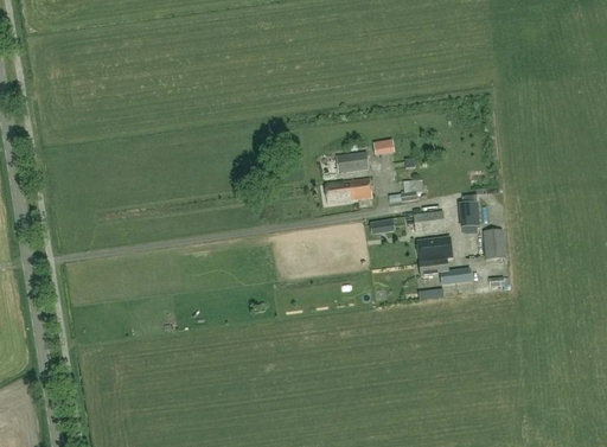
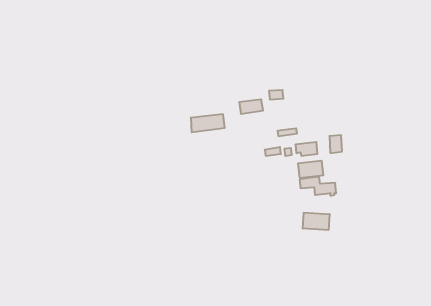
building: [325,179,372,204] -> [191,114,225,132]
building: [484,230,505,260] -> none
building: none -> [303,213,330,230]

